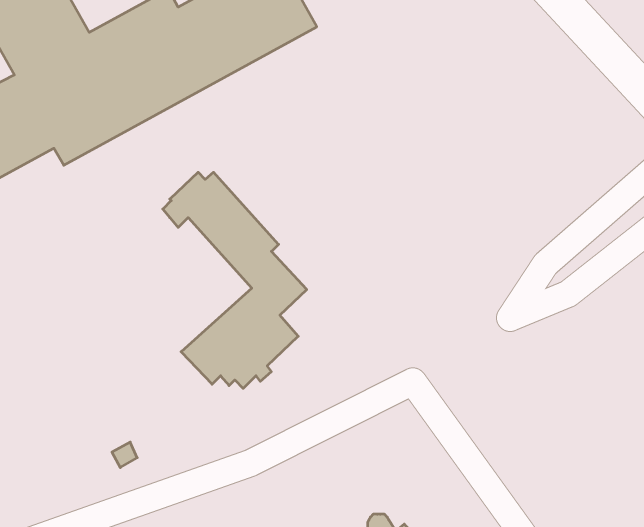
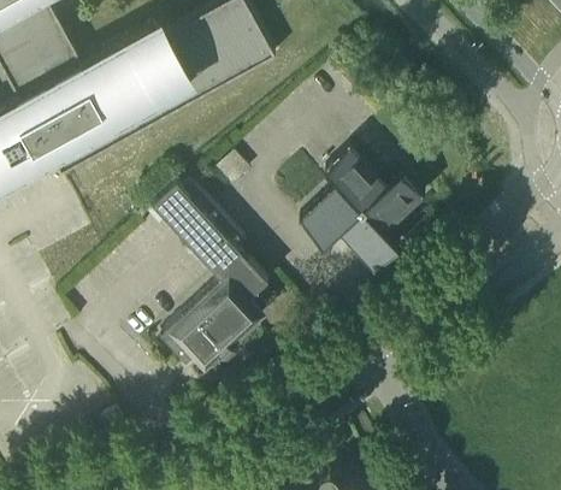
building: none -> [303,147,425,273]

